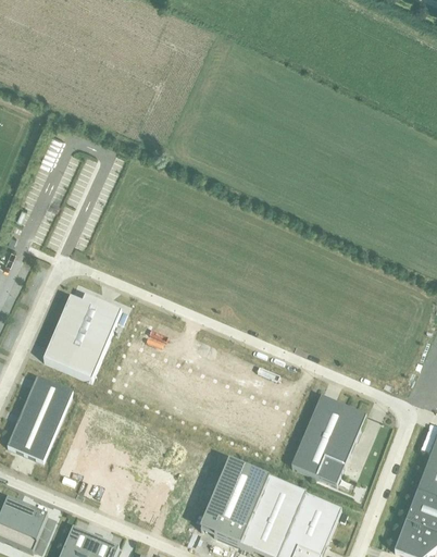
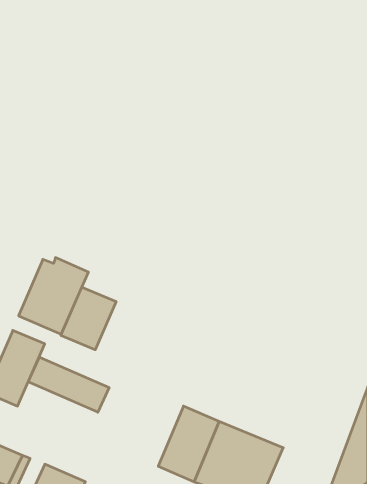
building: none -> [61,287,116,350]
building: [291,396,365,484] -> none
building: none -> [28,357,109,412]

